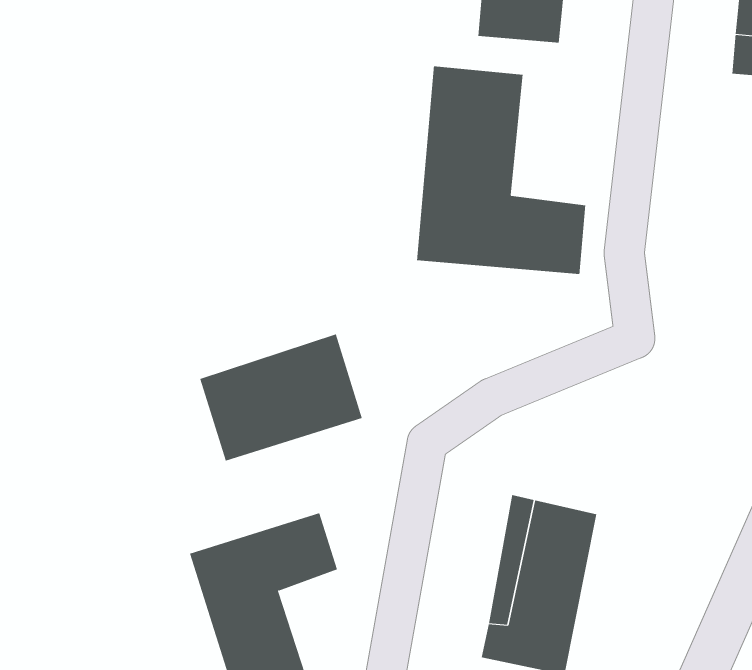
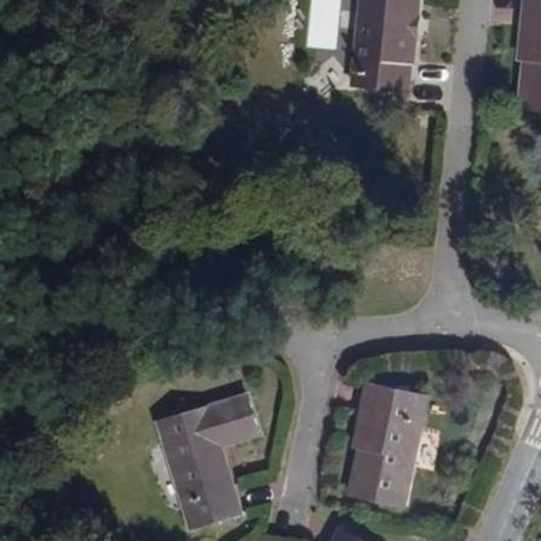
building: [416,65,586,275] -> none
building: [199,333,363,462] -> none

